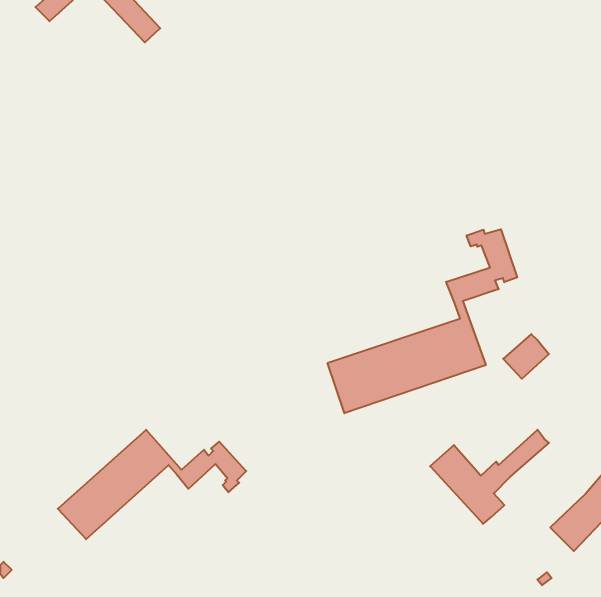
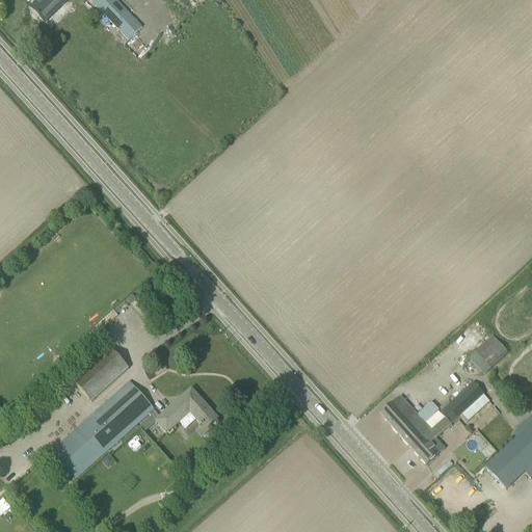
building: [328,229,517,413] -> none
building: [503,334,549,379] -> [469,332,509,372]
building: none -> [74,346,129,399]

